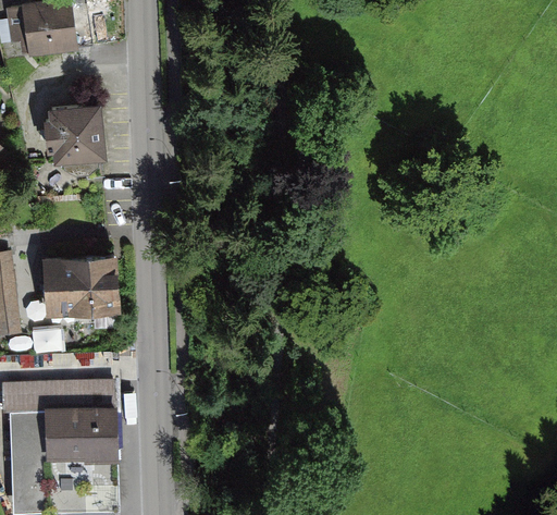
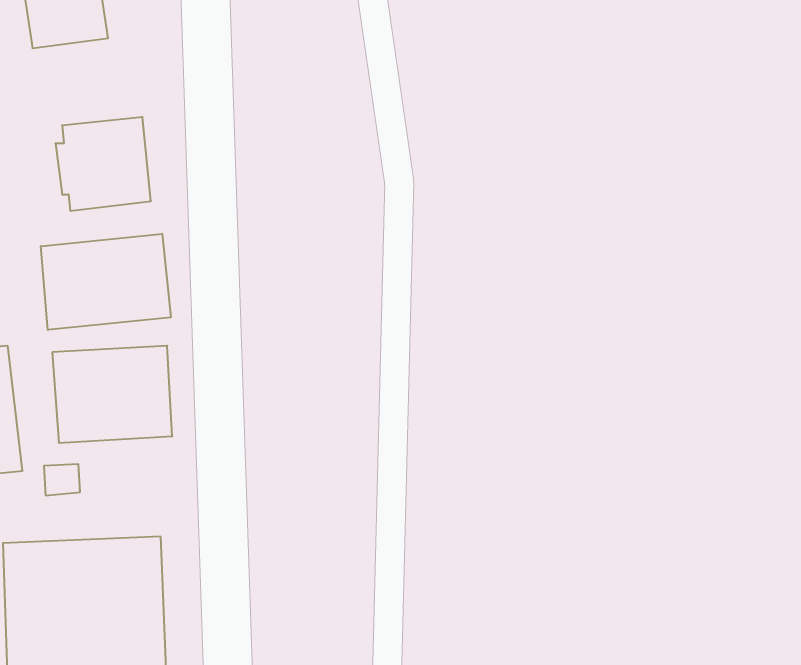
building: none -> [41,234,171,330]

